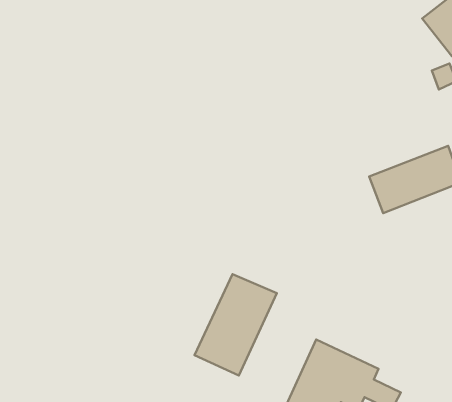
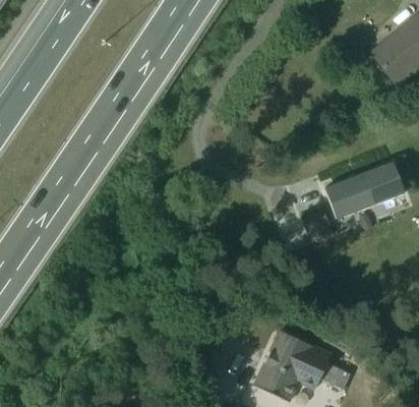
building: [195,274,277,376] -> none

